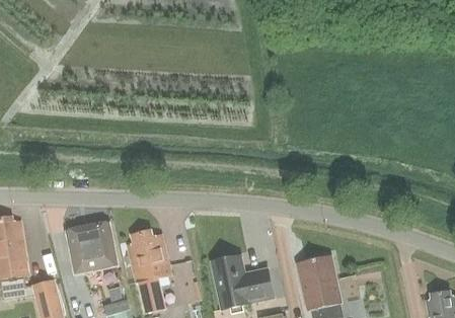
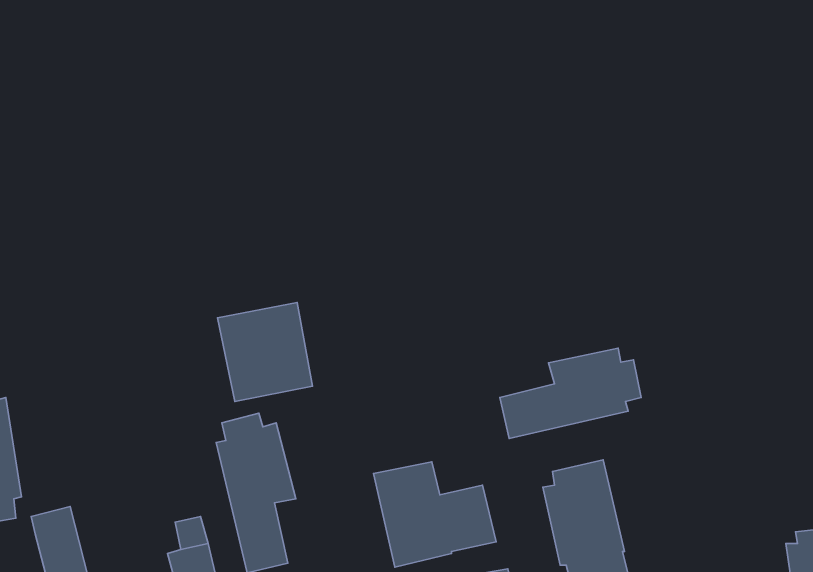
building: none -> [500,348,641,439]
building: [67,222,117,273] -> [217,302,313,402]

